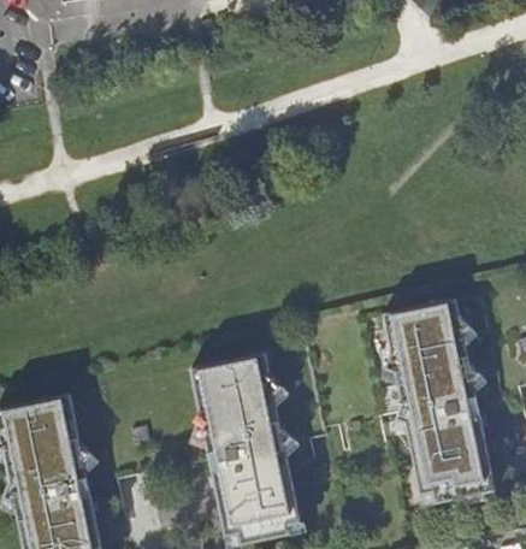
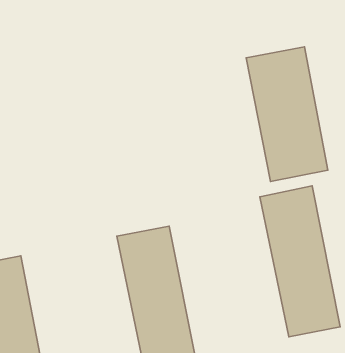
building: none -> [246,47,328,182]

